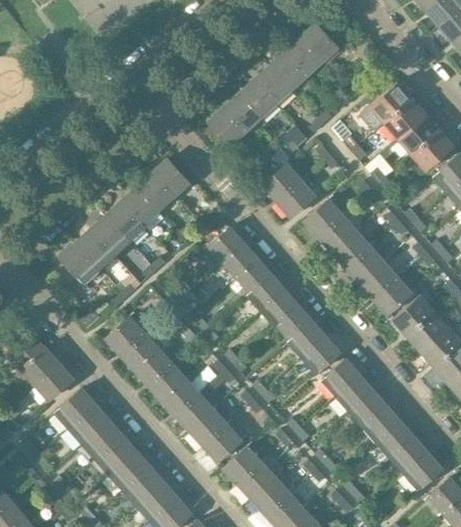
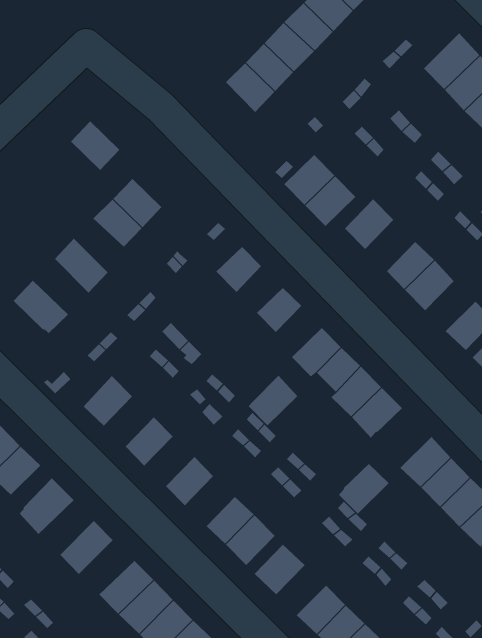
building: [208,107,245,145] -> none
building: [152,159,188,196] -> [70,121,120,171]
building: [107,201,146,241] -> none
building: [319,215,356,252] -> none
building: [75,229,115,270] -> none
building: [223,243,257,277] -> none
building: [360,262,397,298] -> none
building: [247,274,284,311] -> [248,375,298,426]
building: [120,332,157,368] -> none
building: [321,359,359,396] -> [338,463,390,515]
building: [148,363,185,399] -> none
building: [176,394,213,430] -> none
building: [68,406,109,445] -> none
building: [96,436,137,476] -> none
building: [239,463,276,499] -> none

